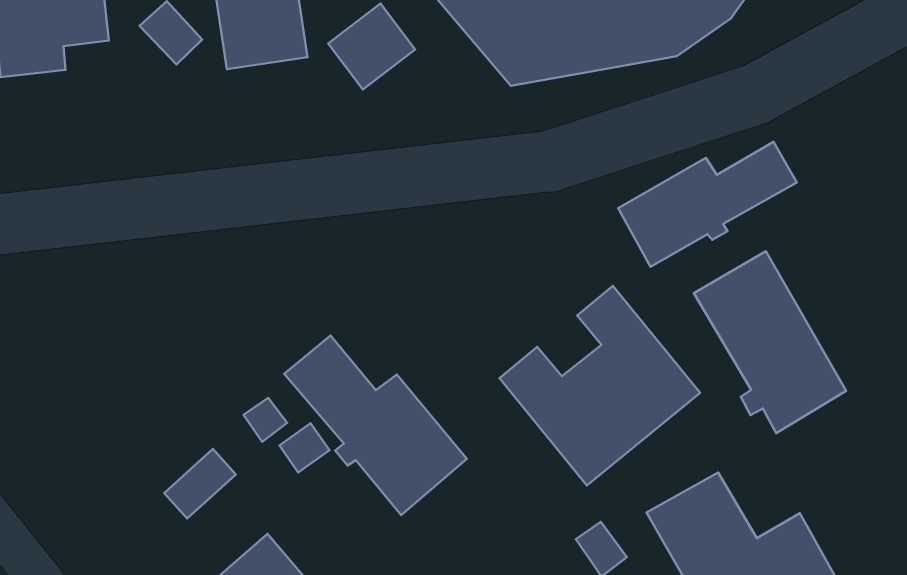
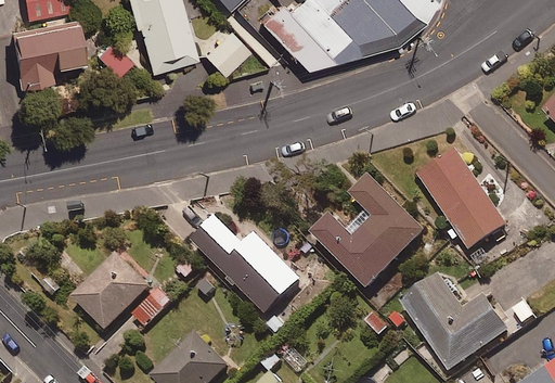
building: [618,142,797,267] -> none
building: none -> [74,253,152,331]

